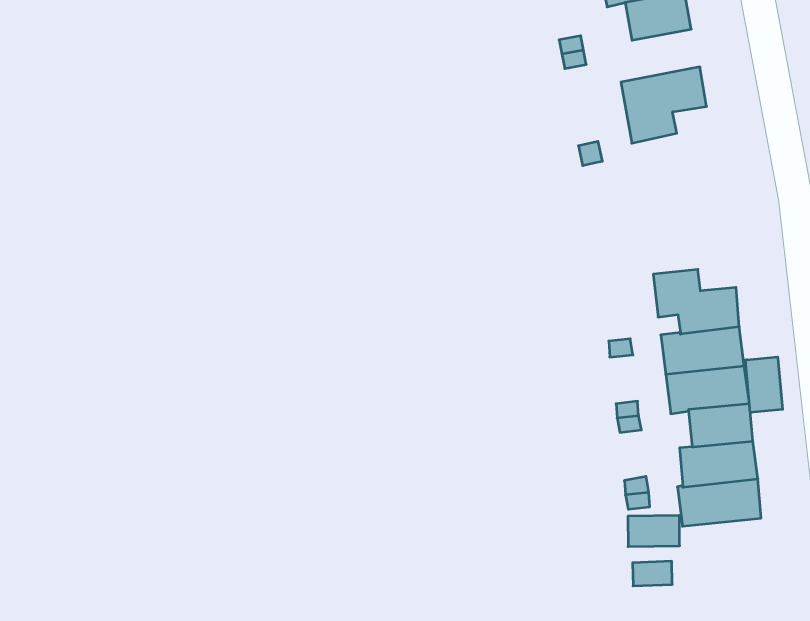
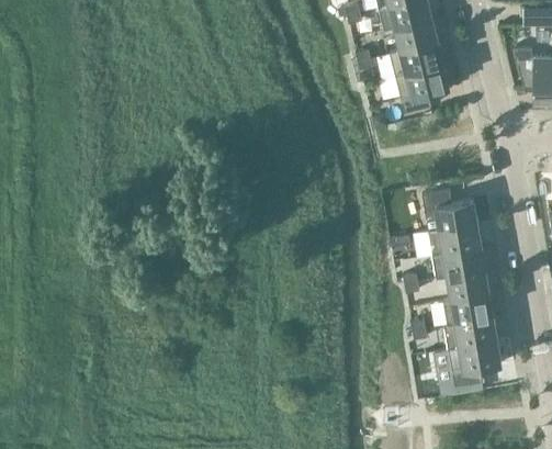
building: none -> [390,41,443,76]
building: [745,357,783,413] -> none
building: none -> [448,340,500,385]

